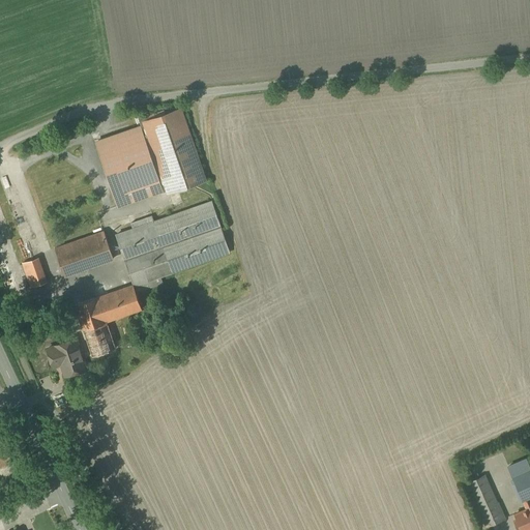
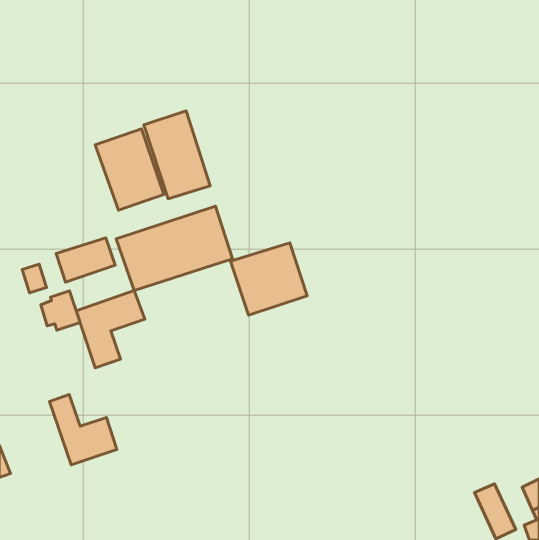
building: none -> [231,243,307,315]
building: [47,337,85,376] -> [41,291,80,330]
building: none -> [50,395,117,465]

